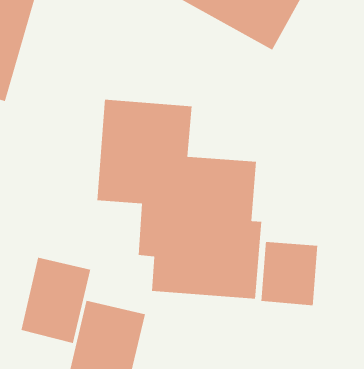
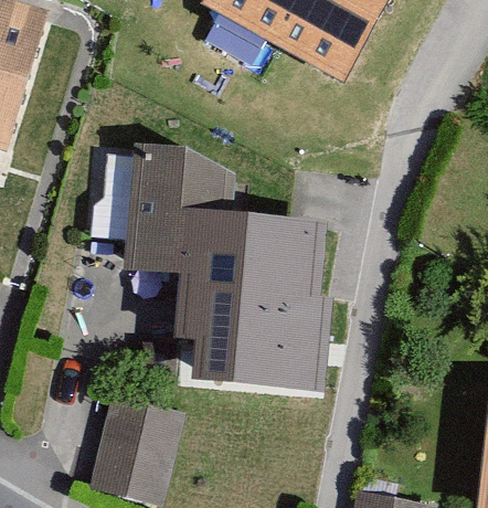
building: [261,241,318,306] -> none
building: [21,257,91,344] -> none

